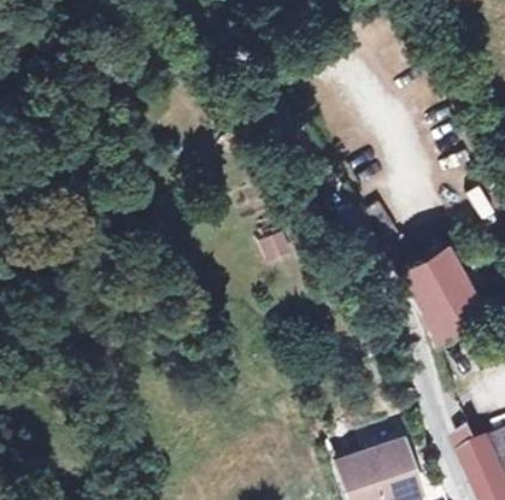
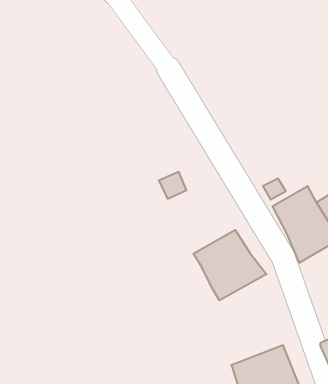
building: none -> [193,230,267,300]

